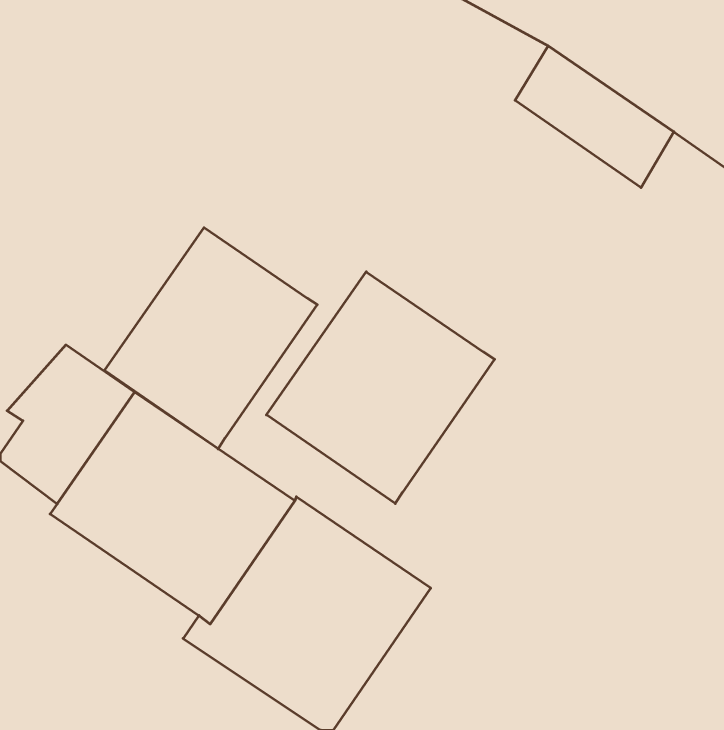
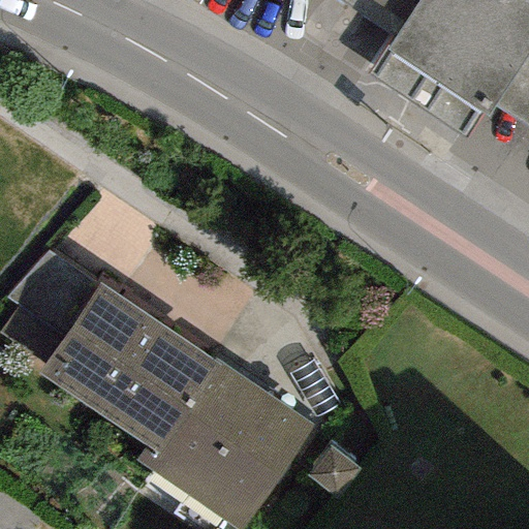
building: [104,228,317,449] -> none
building: [266,272,495,504] -> none

